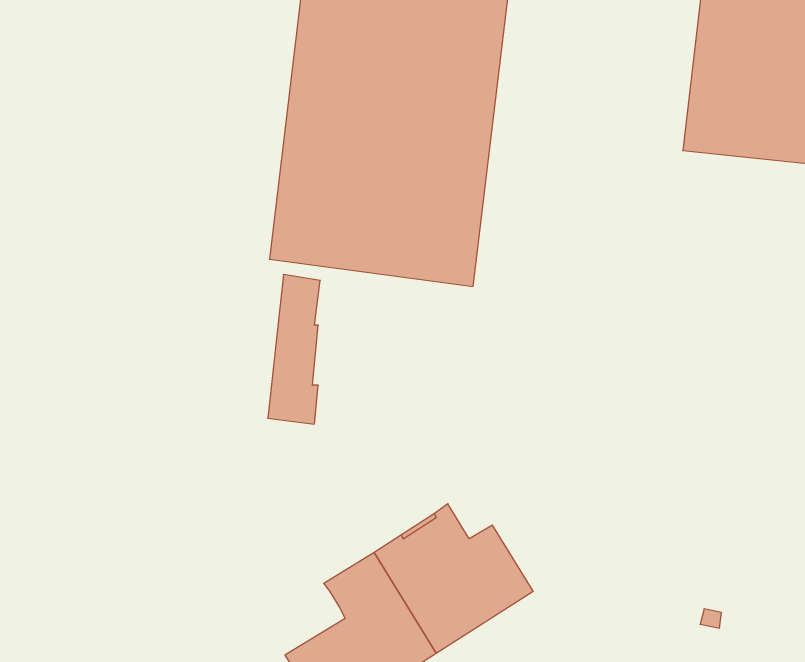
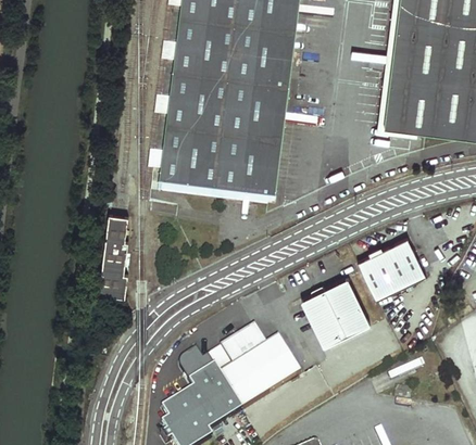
building: [268,275,320,424] -> [101,213,130,296]
building: none -> [359,237,426,298]
building: none -> [302,276,372,345]

